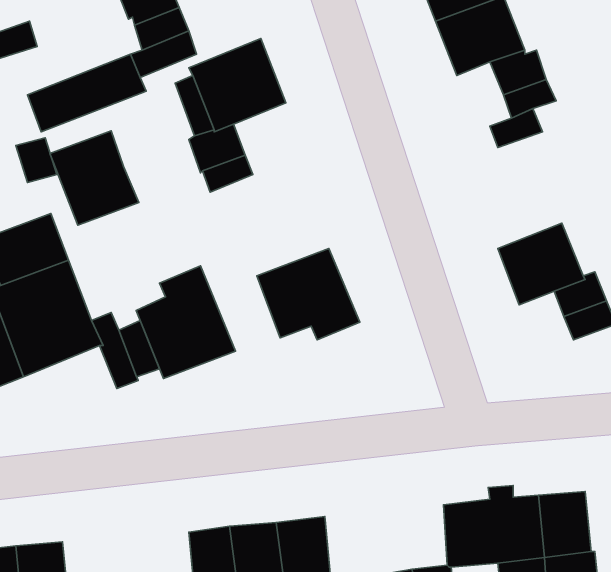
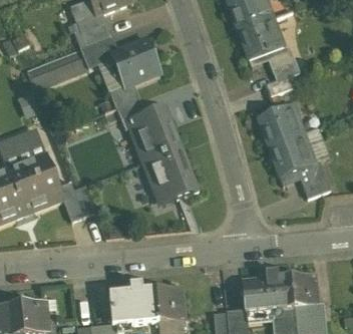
building: [50,131,139,225] -> none
building: none -> [258,102,303,147]
building: [136,266,235,379] -> [131,103,183,161]

